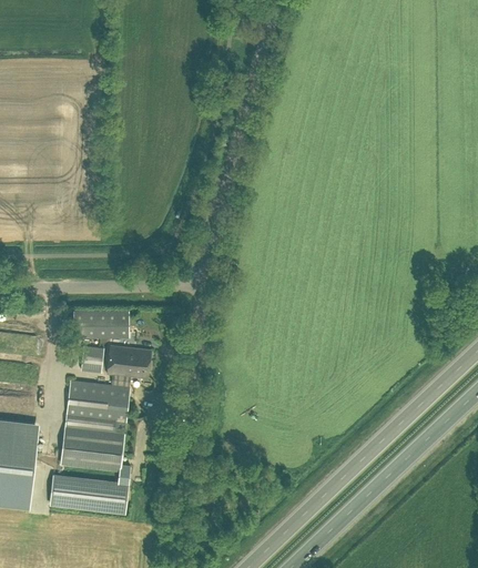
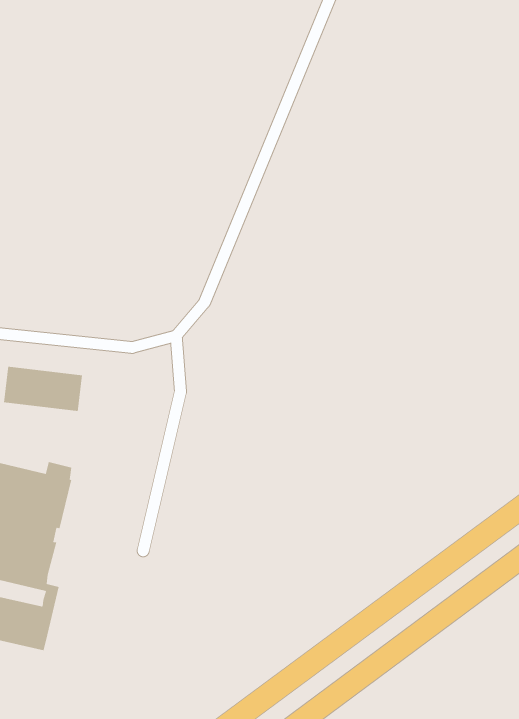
building: [81,346,151,379] -> none

